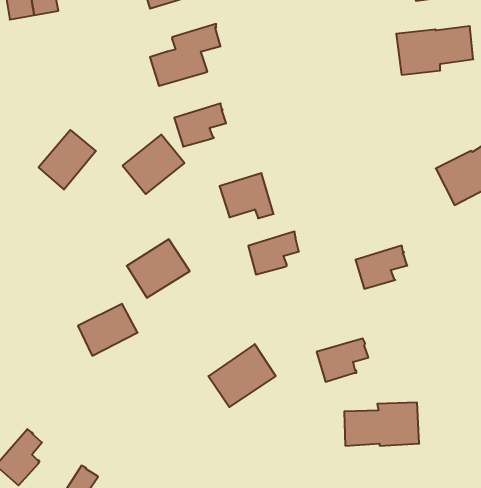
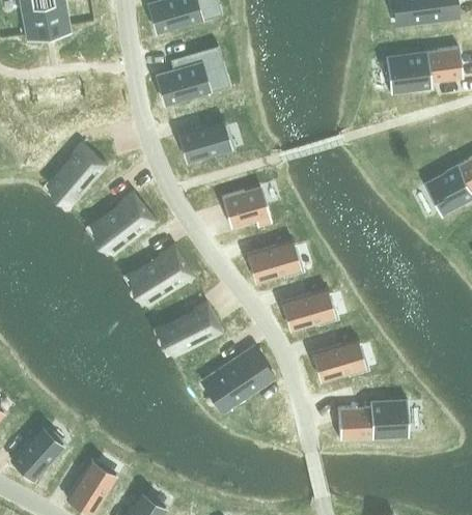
building: [123,135,184,194] -> [95,195,154,251]
building: [355,246,407,289] -> [282,290,331,331]
building: [78,304,138,356] -> [165,306,221,354]

